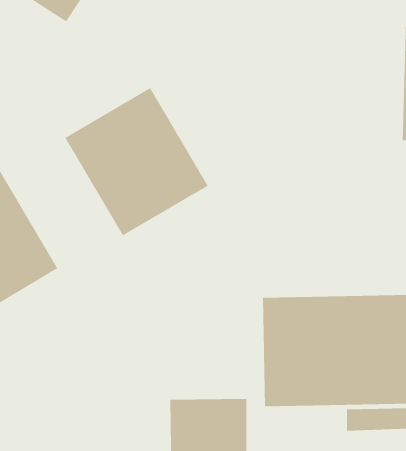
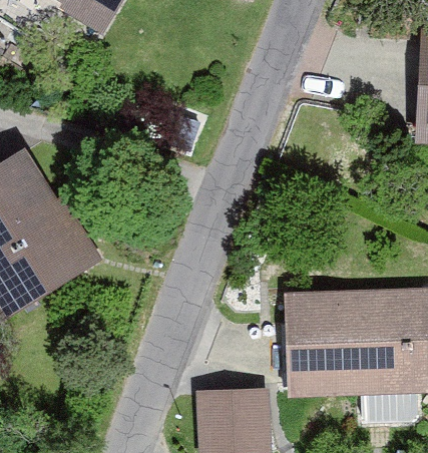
building: [64,87,209,236] -> none

